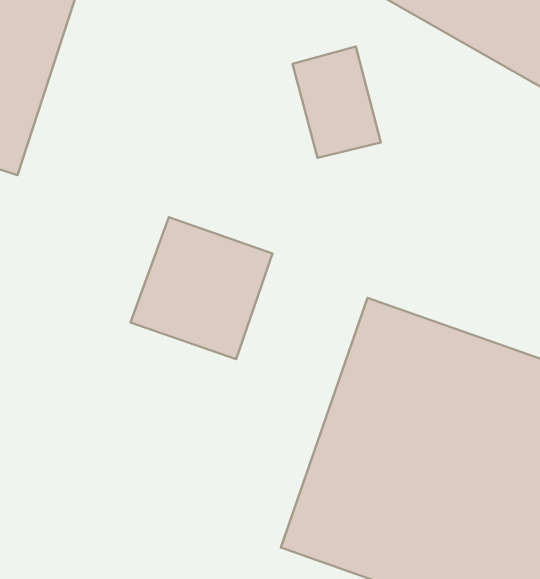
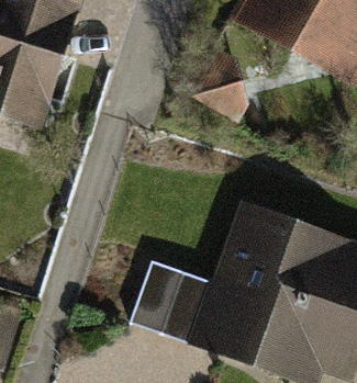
building: [130,217,273,359] -> [130,261,211,342]

